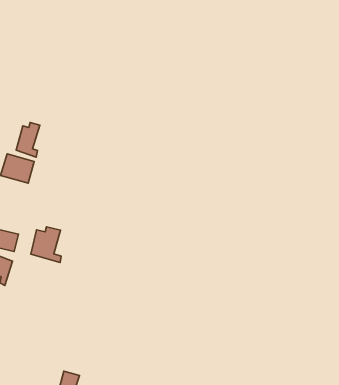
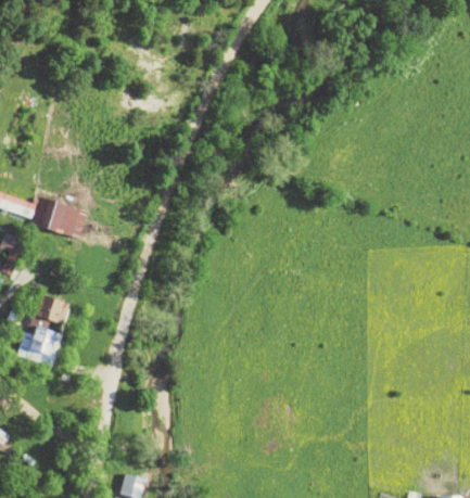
building: [16,122,40,157] -> none
building: [31,227,61,263] -> none

